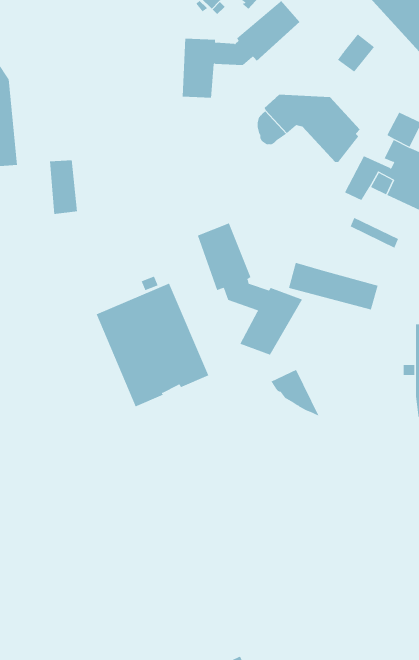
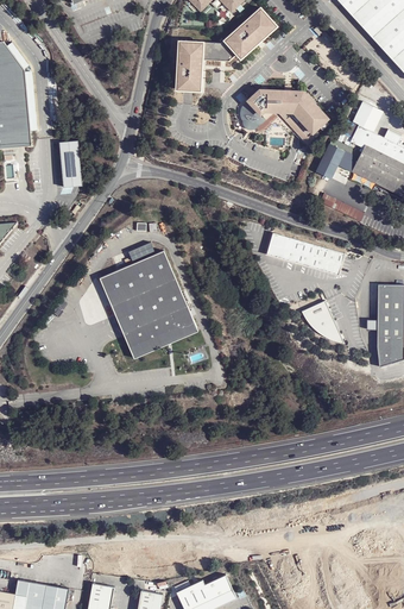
building: [337,34,375,72] -> none
building: [197,223,303,355] -> none
building: [271,369,320,417] -> [302,303,345,345]

